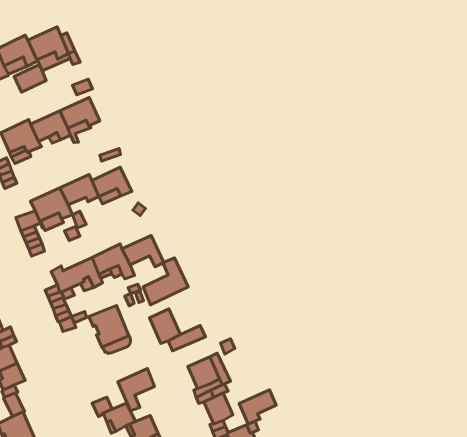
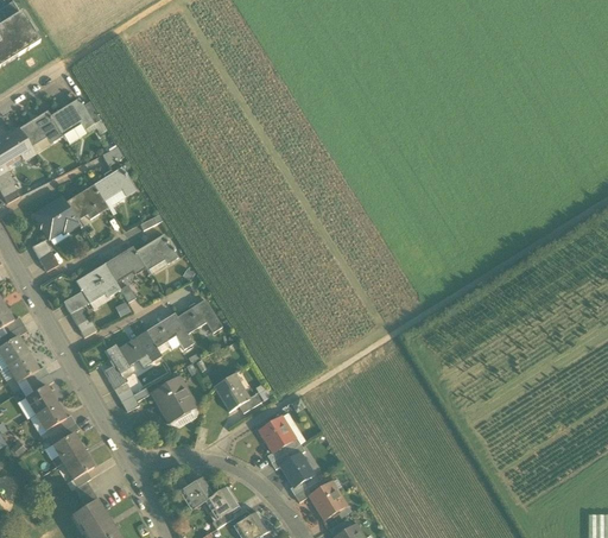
building: [14,65,46,92] -> none
building: [143,258,188,305] -> none
building: [118,369,155,411] -> none
building: [239,390,276,424] -> none

